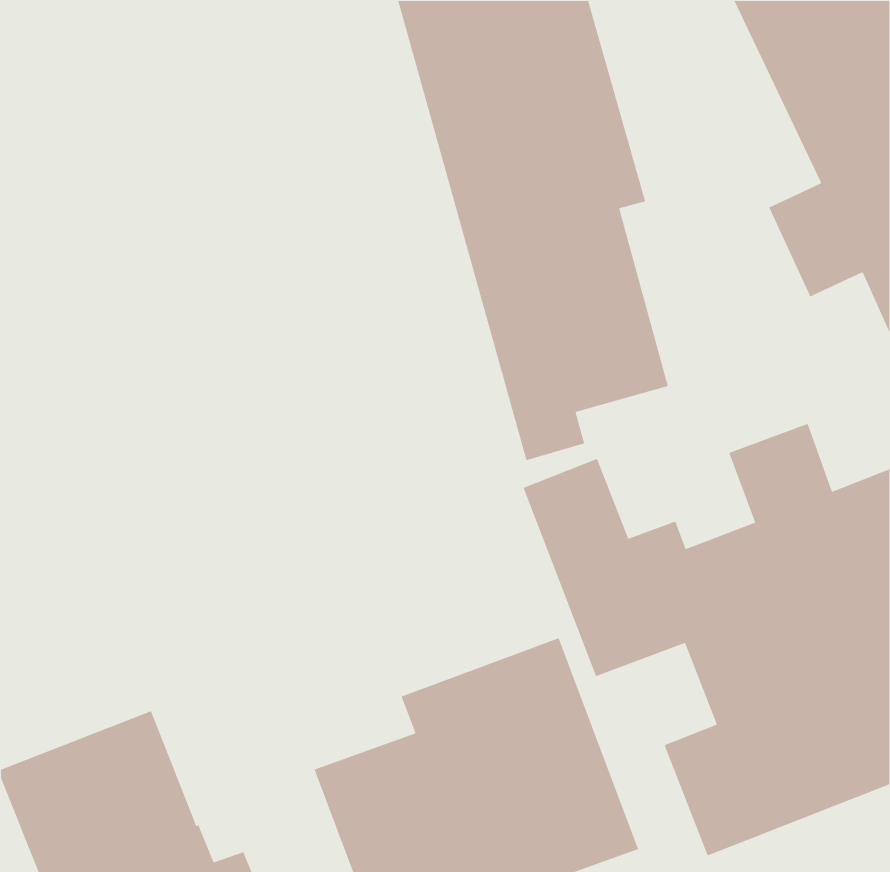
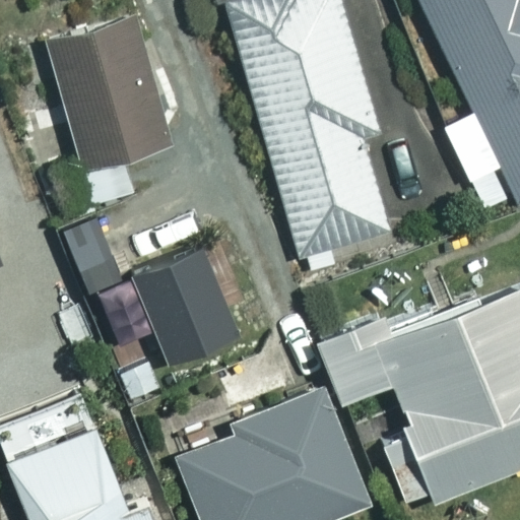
building: none -> [42,17,176,214]
building: none -> [135,253,241,367]

